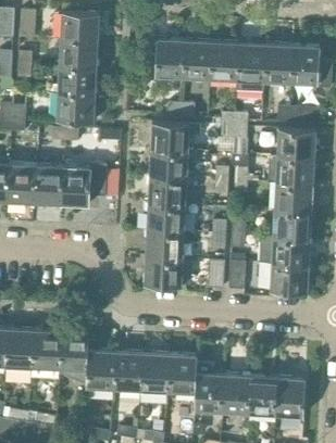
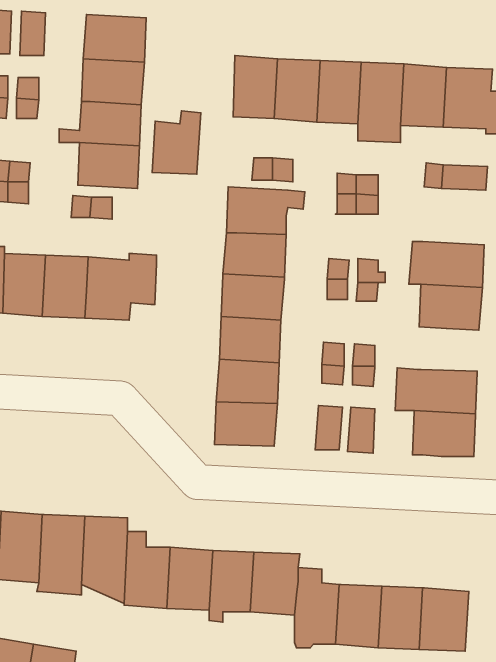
building: none -> [152,111,201,174]
building: [275,128,315,159] -> none
building: [272,211,311,239] -> none

